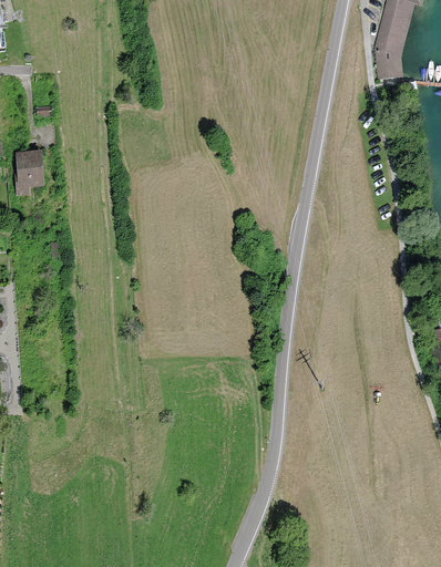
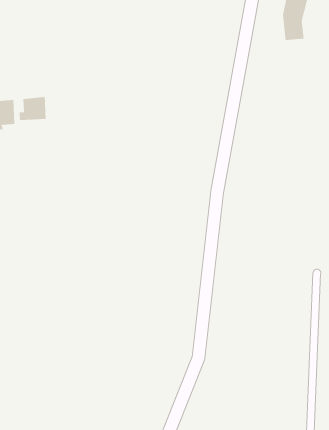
building: none -> [19,96,46,121]

